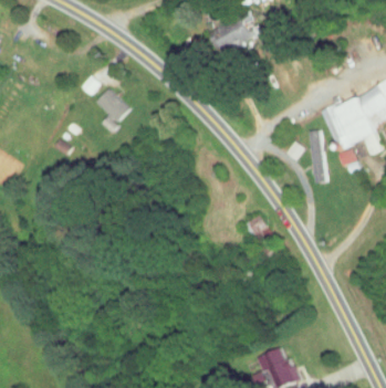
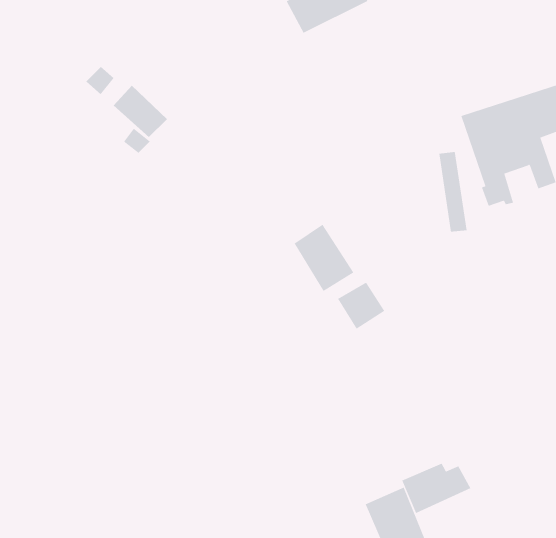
building: none -> [294,224,354,292]
building: none -> [401,463,471,514]

